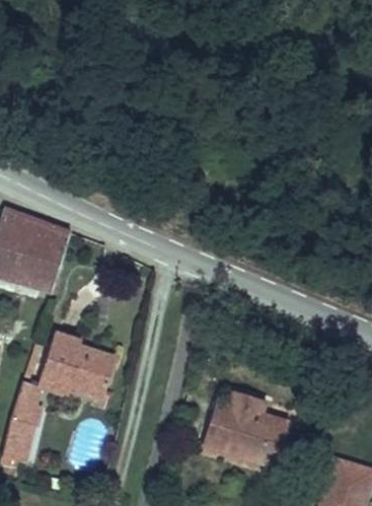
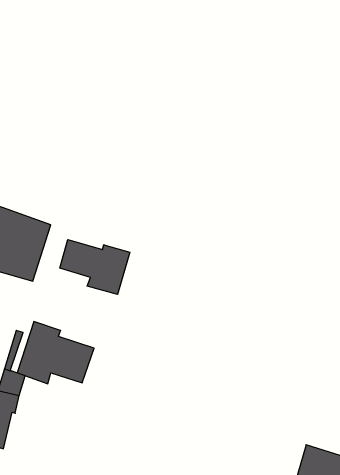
building: none -> [60,240,130,294]
building: [203,388,289,465] -> none

